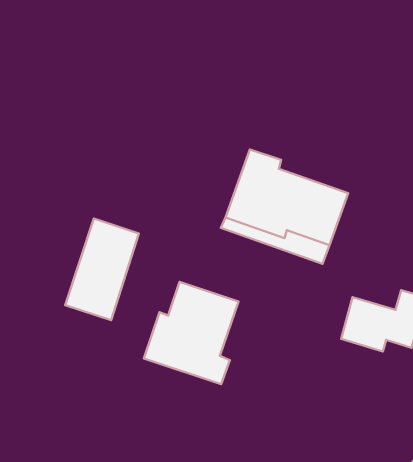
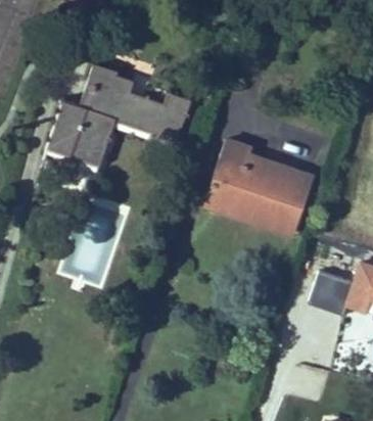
building: none -> [44,62,192,167]
building: [144,282,239,384] -> none

